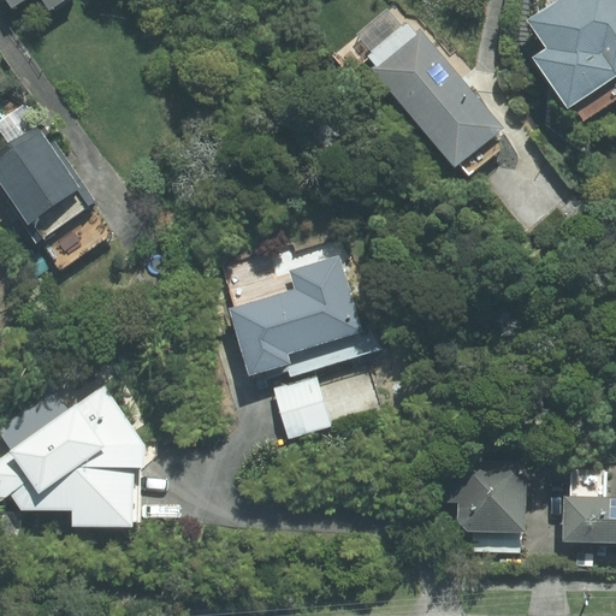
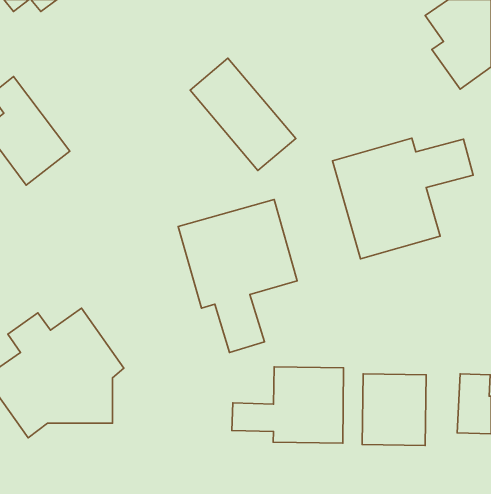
building: [372,31,503,171] -> [190,58,296,170]
building: none -> [332,138,473,259]
building: none -> [232,367,344,443]

